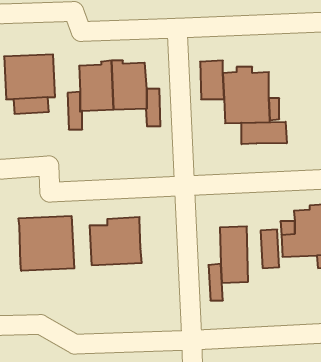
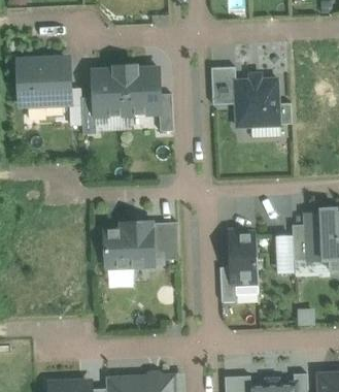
building: [242,122,287,144] -> none
building: [19,216,74,271] -> none
building: none -> [152,223,178,260]

